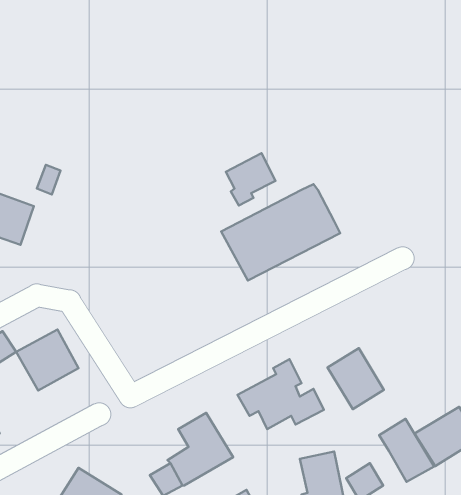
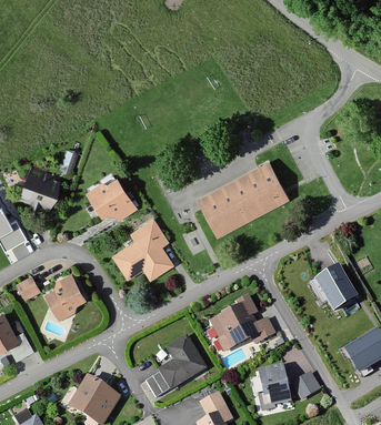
building: [226,153,275,205] -> none
building: none -> [86,174,136,220]
building: none -> [112,219,172,279]
building: [327,348,384,409] -> [313,266,355,312]
building: [379,419,434,482] -> none

